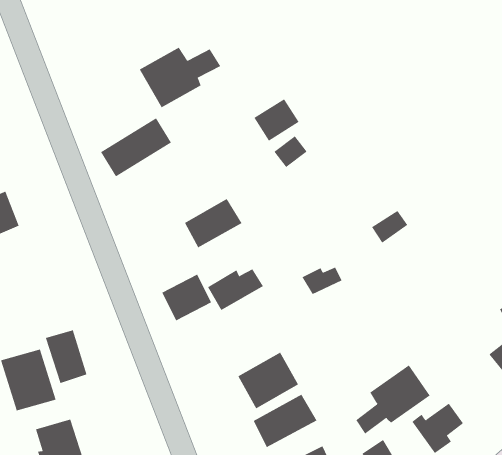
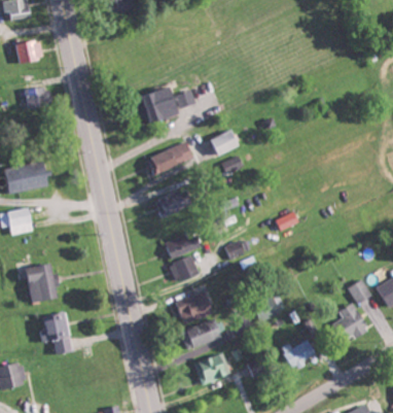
building: [100,117,172,177] -> [147,141,193,175]
building: [162,274,212,321] -> [167,255,198,283]
building: [45,330,87,384] -> none
building: [356,364,430,435] -> none

